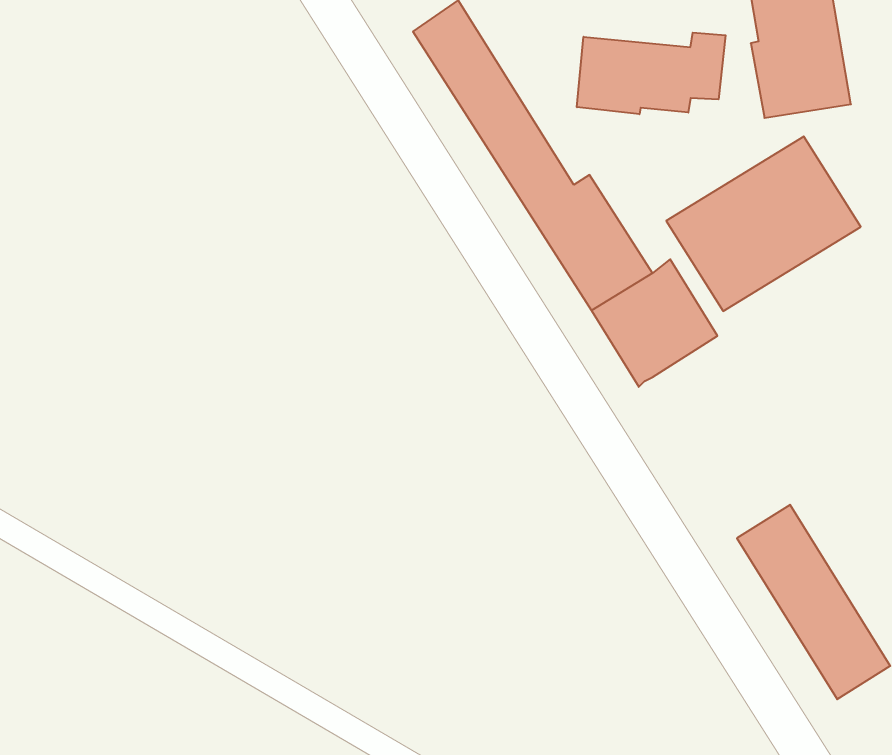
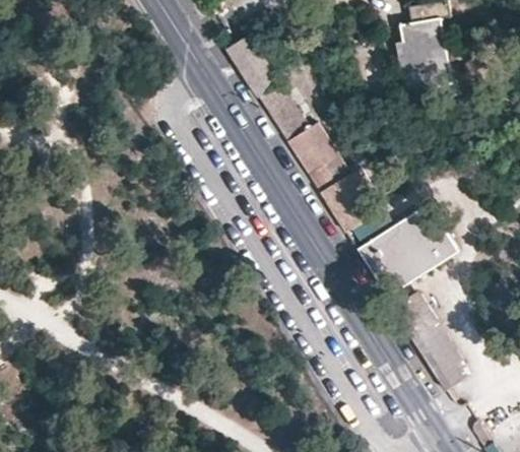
building: [577,33,726,114] -> none
building: [666,136,861,311] -> [356,204,457,295]

